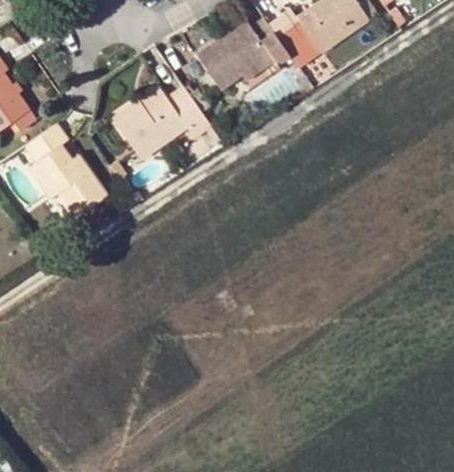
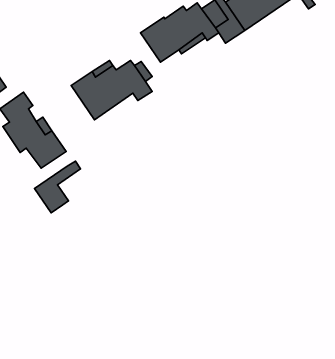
building: none -> [34,161,81,213]

